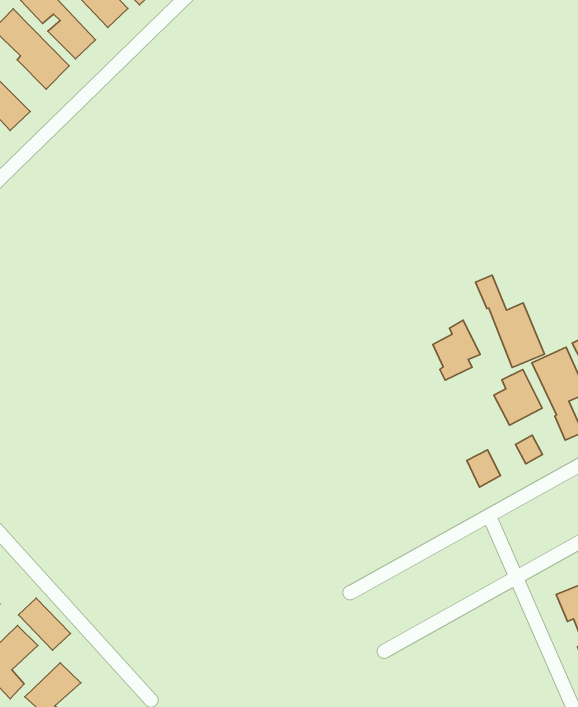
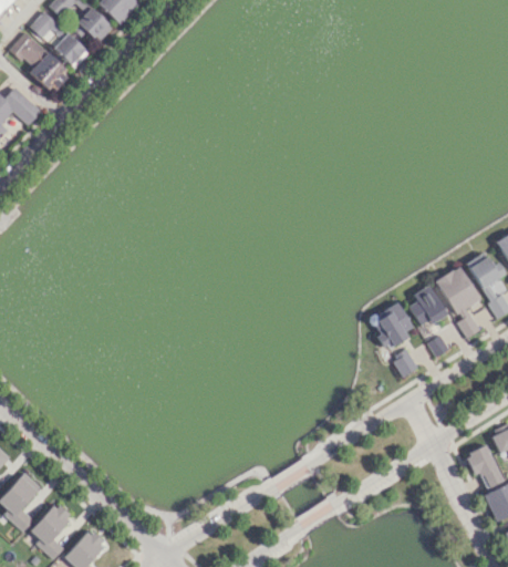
building: [476,275,544,367] -> none
building: [433,320,480,380] -> [376,301,413,348]
building: [18,598,70,650] -> none

